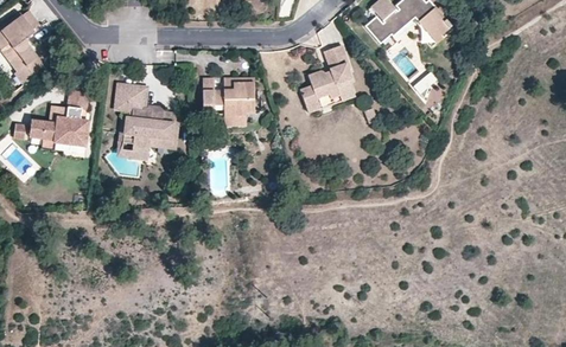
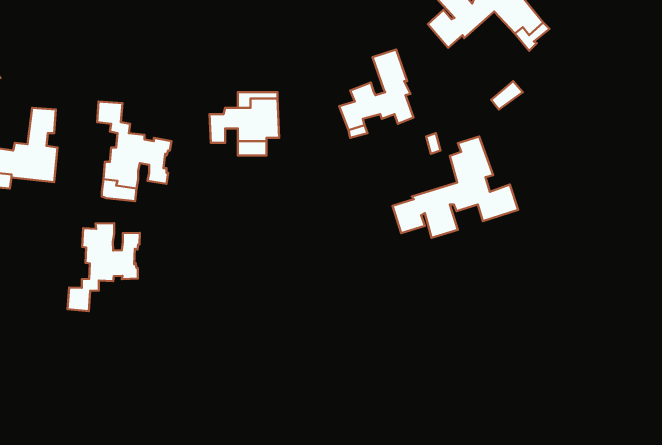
building: none -> [392,137,518,238]
building: none -> [67,223,140,311]

